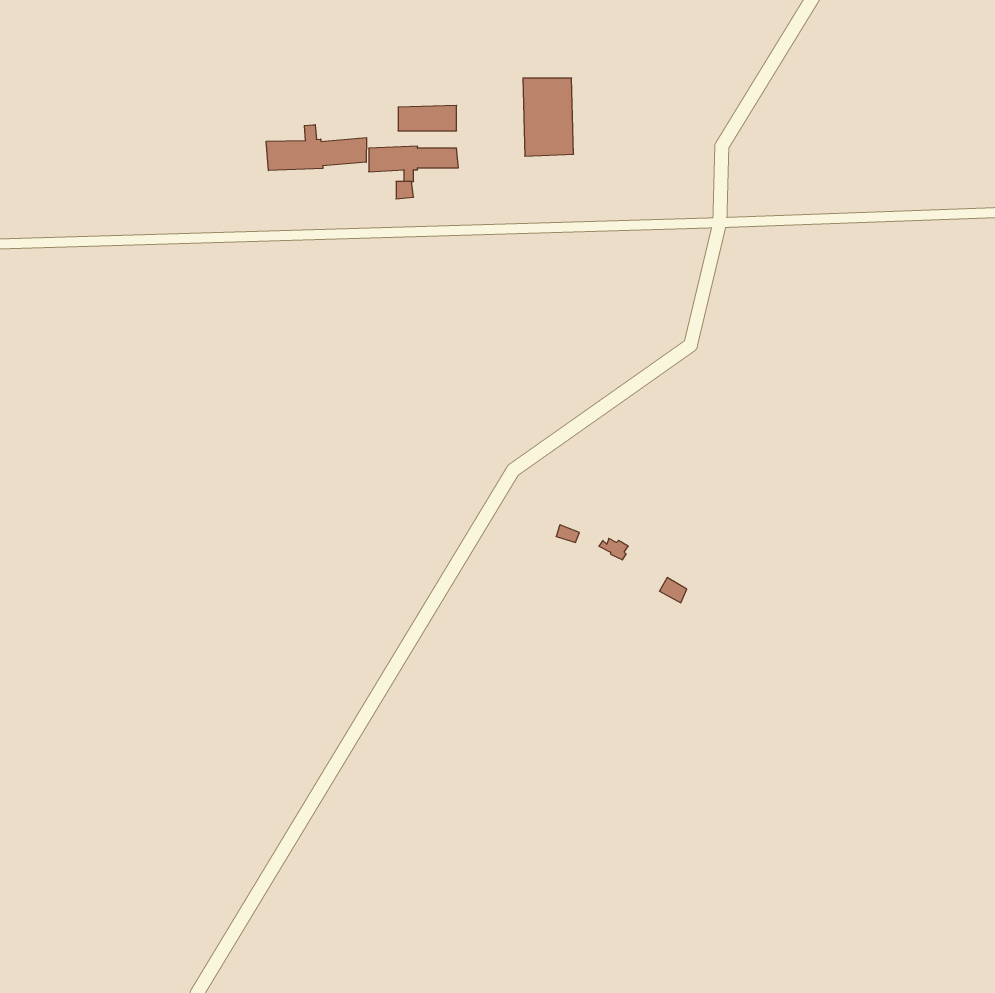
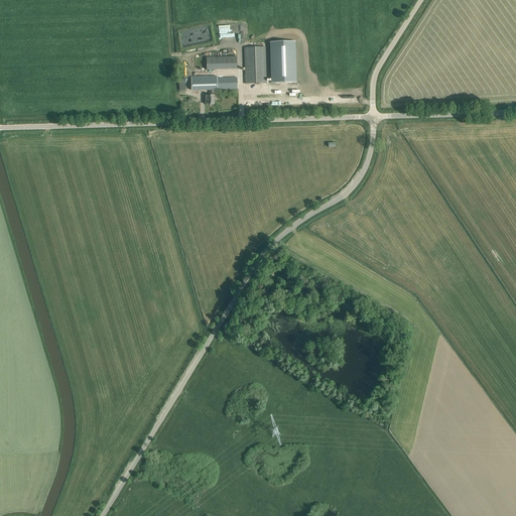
building: none -> [244,45,265,82]
building: [266,125,367,171] -> none

